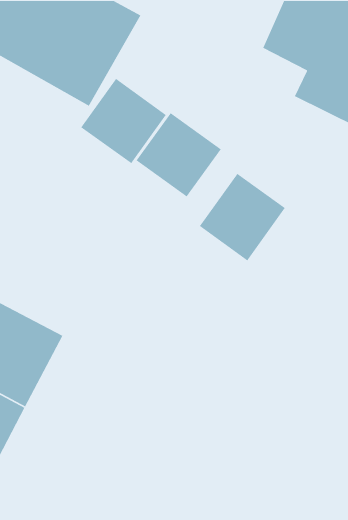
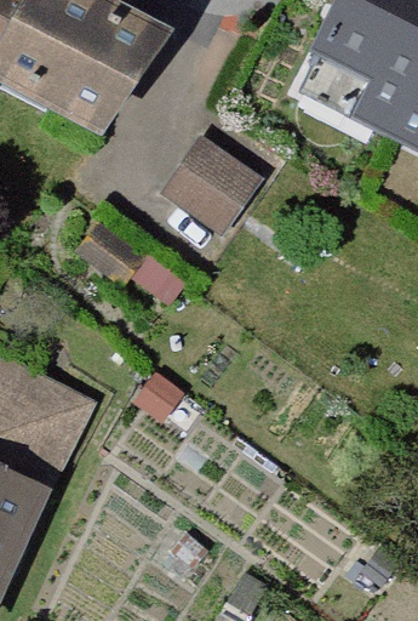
building: [80,78,167,164] -> none
building: [199,173,286,261] -> none

